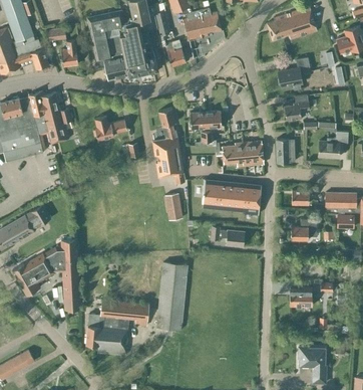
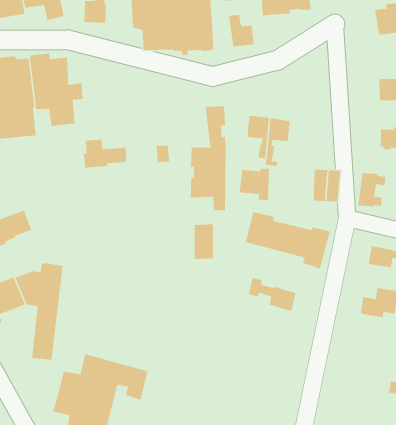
building: [94,117,126,140] -> [83,139,127,169]
building: [222,143,245,167] -> [239,168,270,201]
building: [155,262,188,331] -> none
building: [289,288,312,307] -> none

